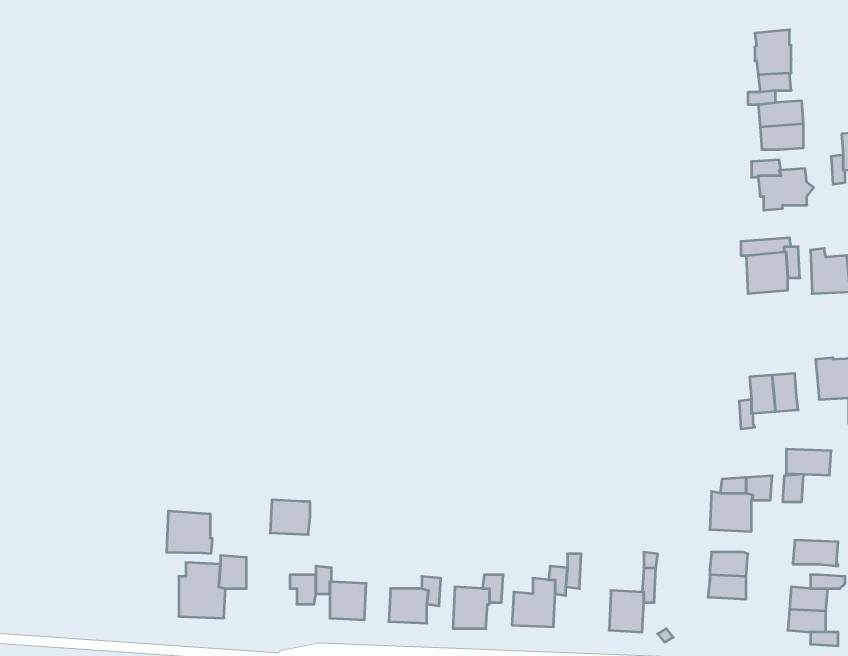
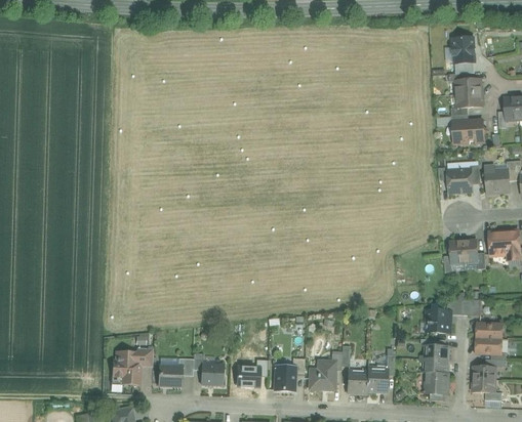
building: [786,449,831,475] -> [476,324,503,339]
building: [270,500,310,535] -> [158,366,182,386]
building: [167,511,212,554] -> none
building: none -> [347,369,367,393]
building: none -> [425,372,449,393]

